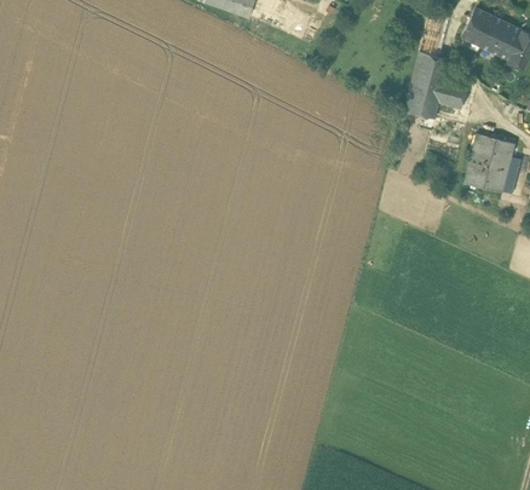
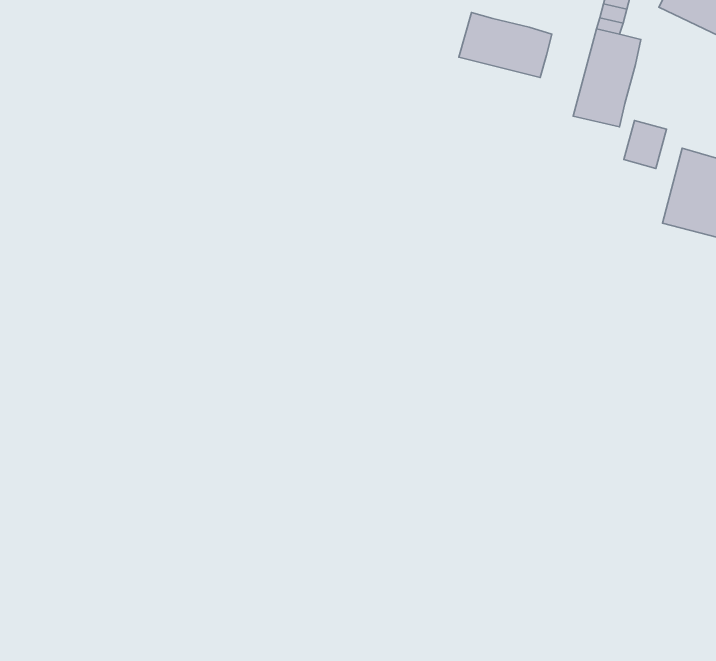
building: none -> [459,12,552,77]
building: [438,75,467,108] -> [624,120,667,169]

